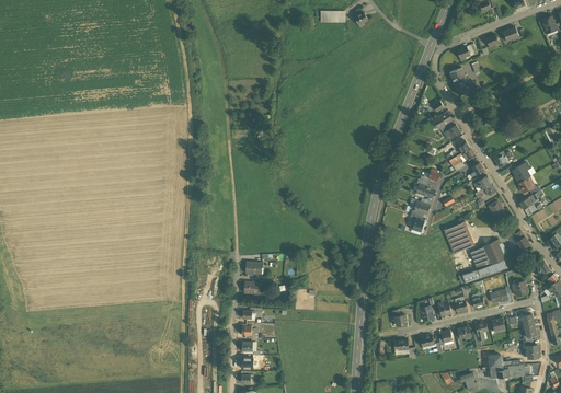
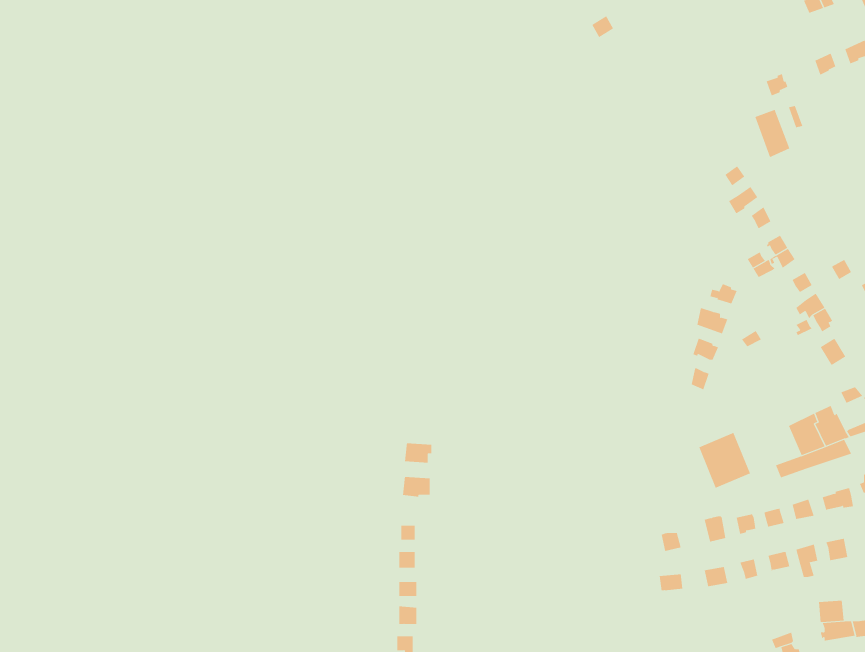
building: [444,221,474,254] -> [698,432,751,489]

